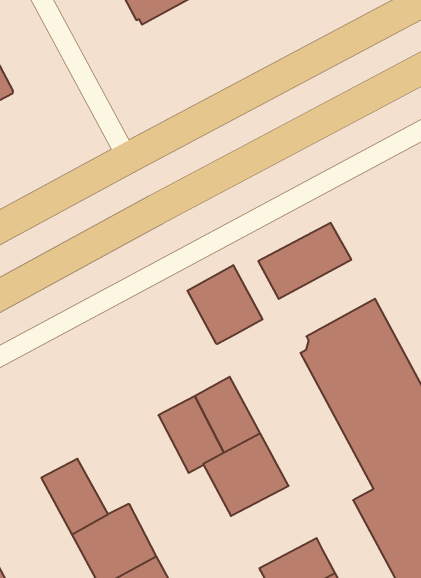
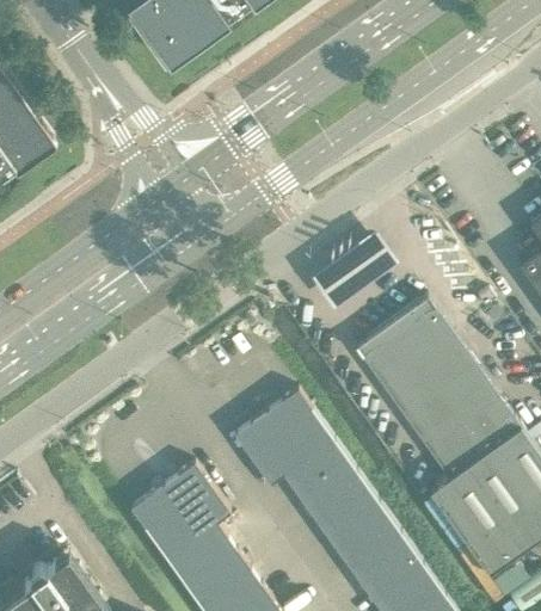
building: [187,265,262,344] -> none
building: none -> [162,464,230,536]
building: none -> [315,487,400,569]

